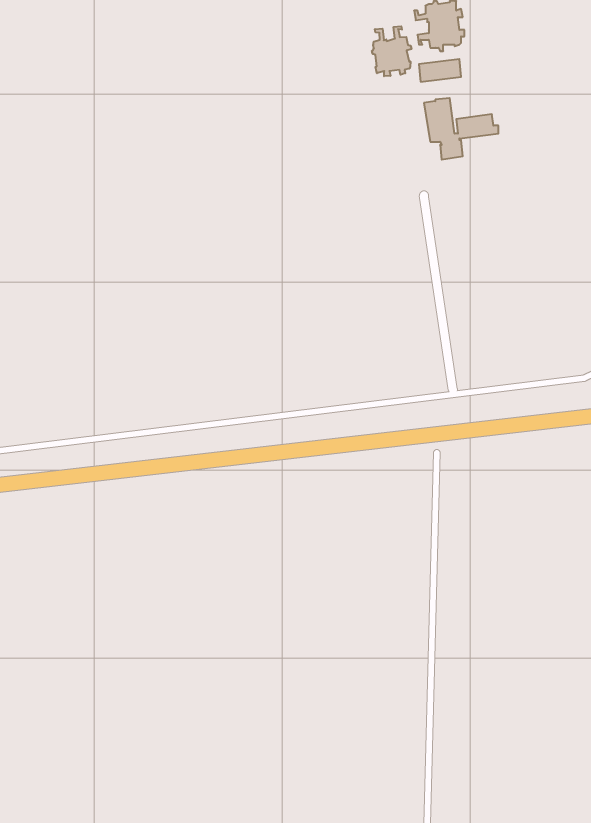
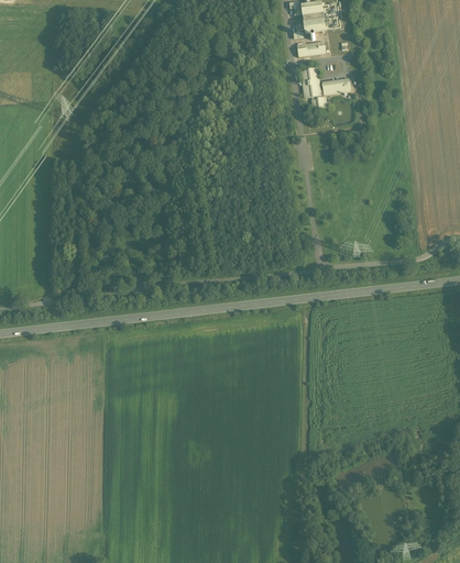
building: [372,26,411,76] -> none

